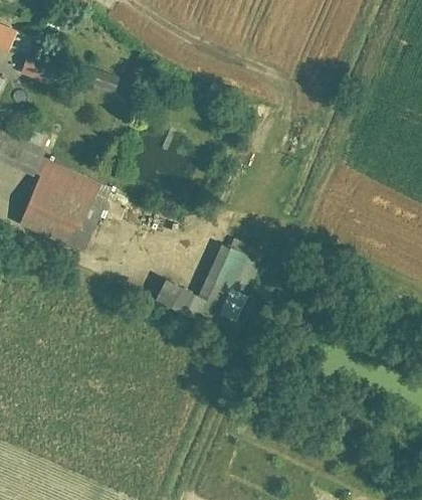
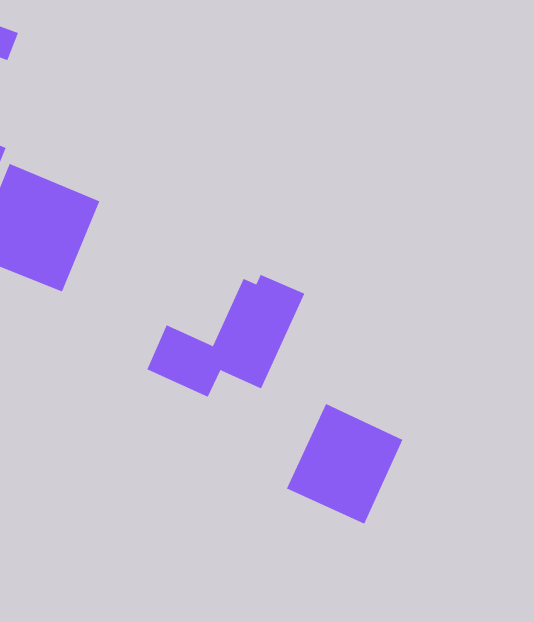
building: none -> [286,403,403,524]

